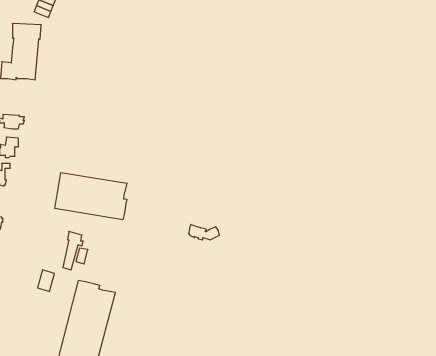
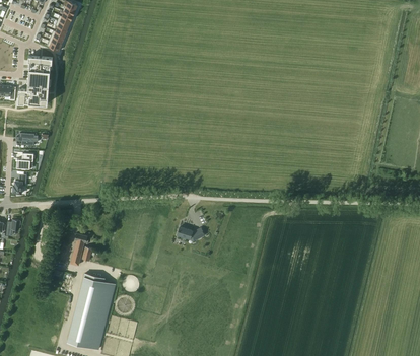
building: [55,173,127,220] -> none

